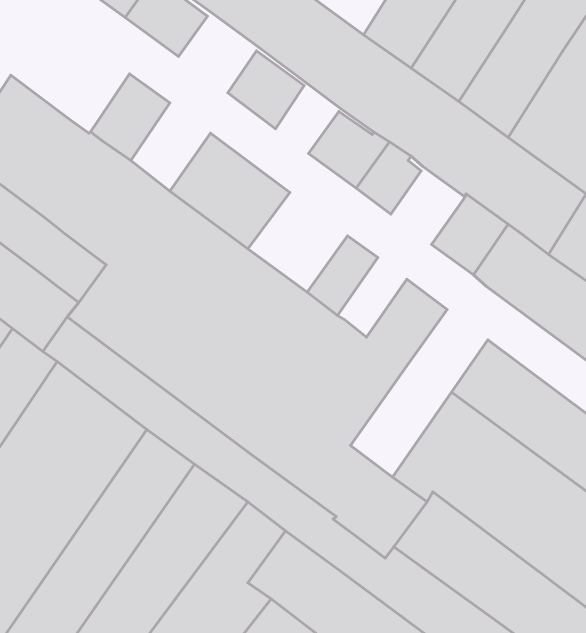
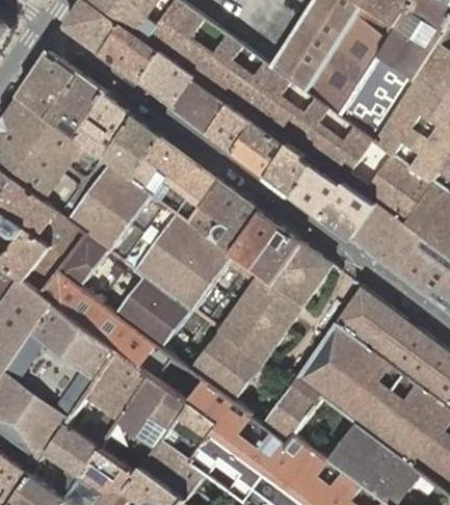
building: none -> [18,51,104,129]
building: none -> [138,53,194,108]
building: none -> [208,103,254,152]
building: none -> [104,115,161,179]
building: none -> [291,164,343,217]
building: none -> [188,180,260,251]
building: none -> [253,227,302,284]

